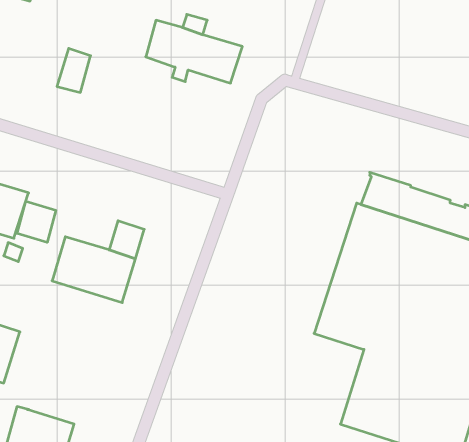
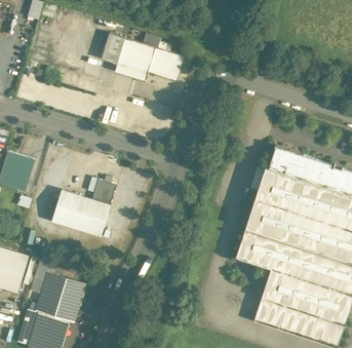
building: [57,48,91,92] -> [101,33,124,64]
building: [17,201,56,242] -> none
building: none -> [35,272,85,323]

